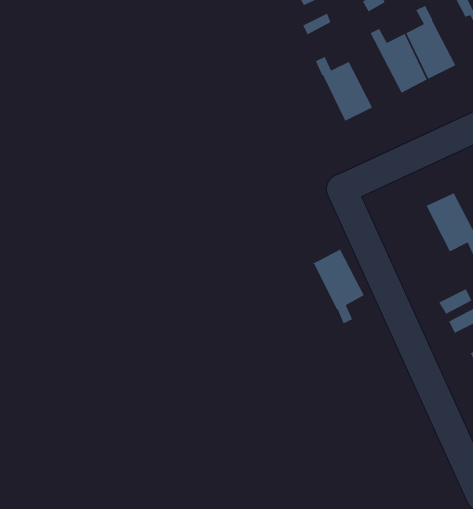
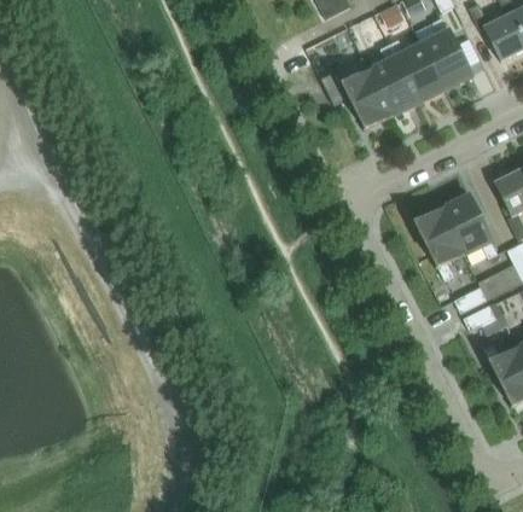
building: none -> [370,43,419,115]
building: [311,248,365,325] -> [414,208,465,280]

